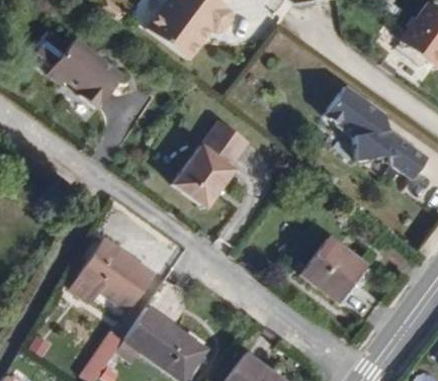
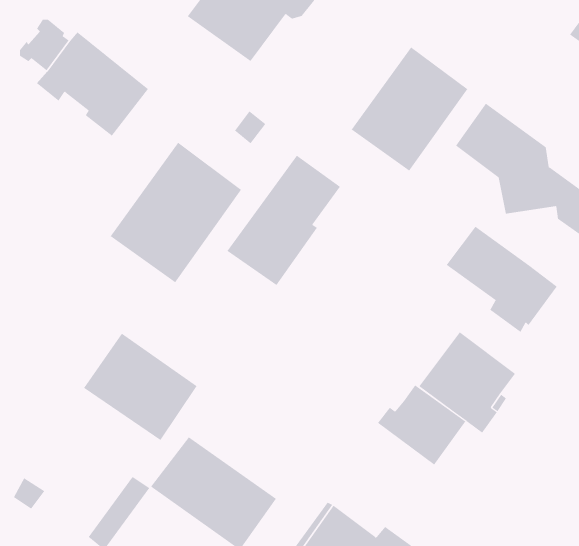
building: none -> [351,46,468,172]
building: none -> [110,142,242,283]
building: none -> [446,226,557,333]
building: none -> [377,384,466,465]

